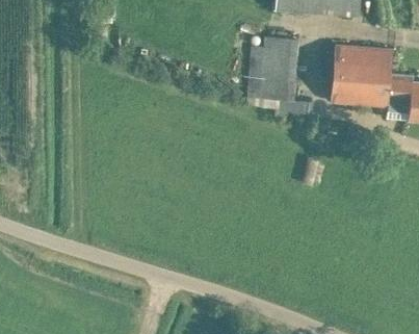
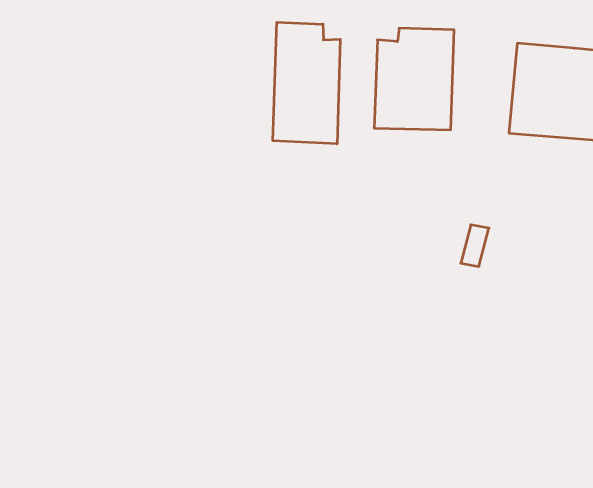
building: none -> [273,22,340,144]

